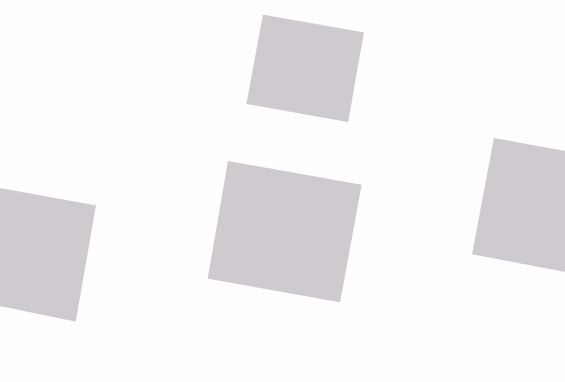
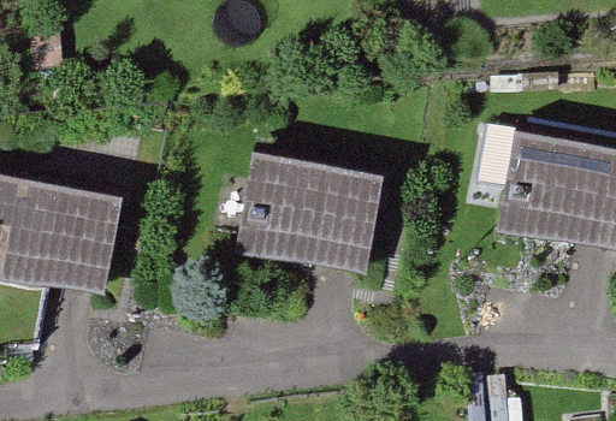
building: [246,14,364,123] -> none

